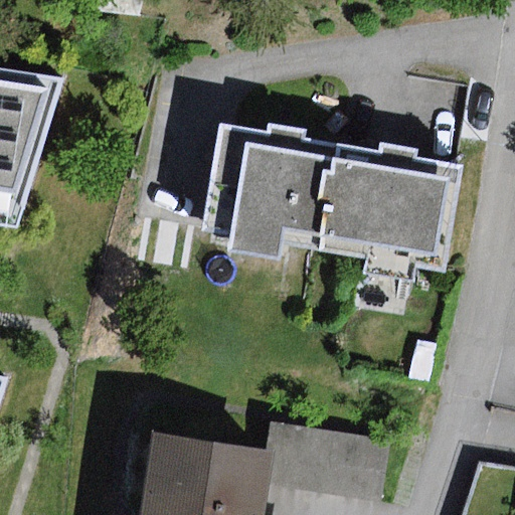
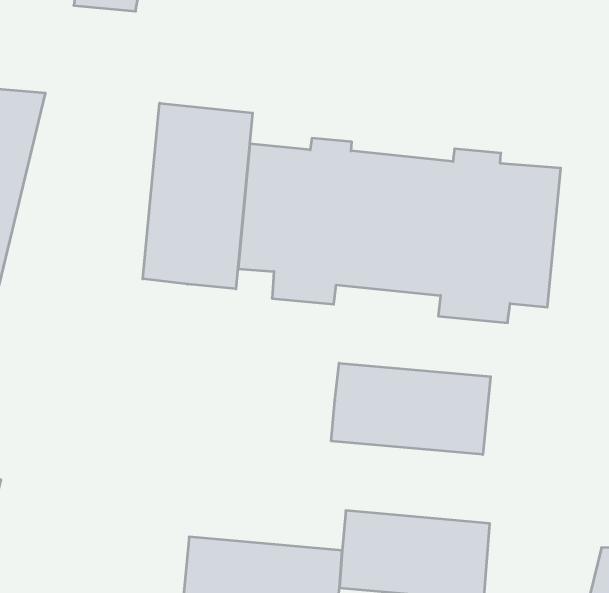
building: none -> [143,103,253,289]
building: none -> [331,363,491,455]

